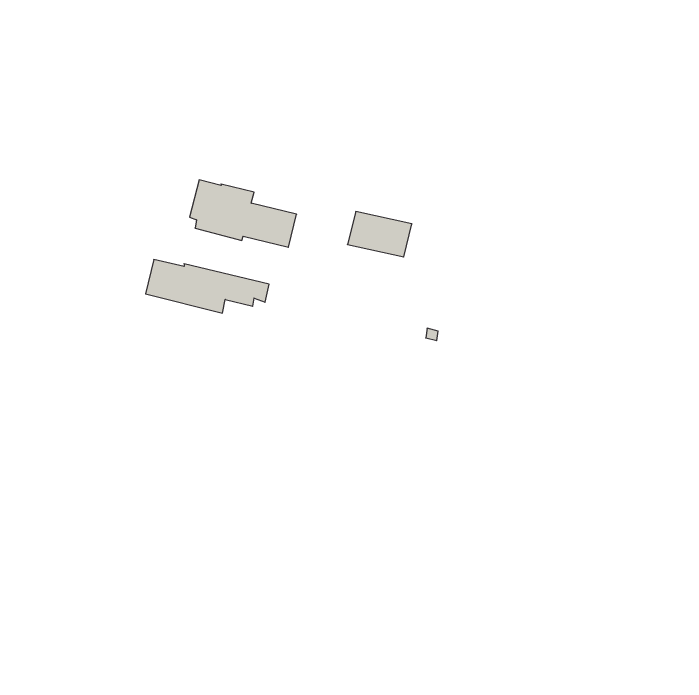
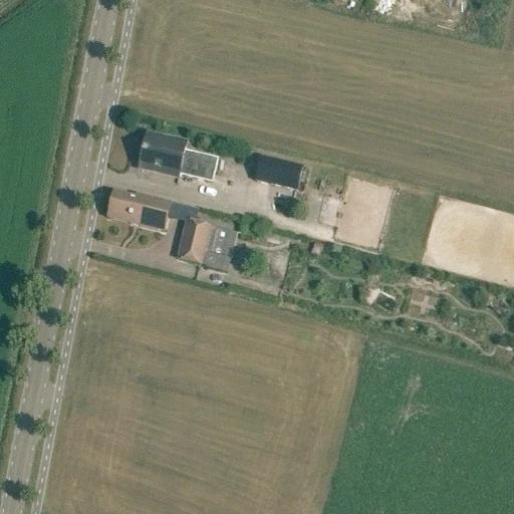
building: none -> [177,218,209,261]
building: none -> [207,225,236,268]

